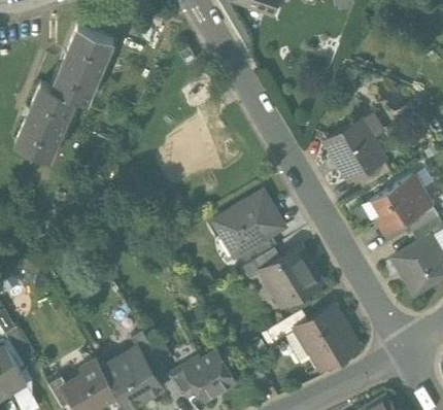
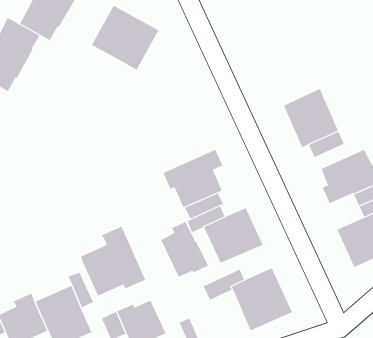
building: none -> [91,5,159,70]
building: none -> [161,221,209,277]
building: none -> [80,226,146,297]

